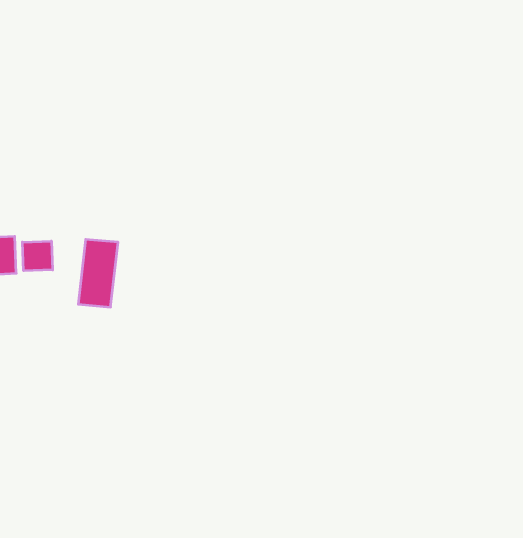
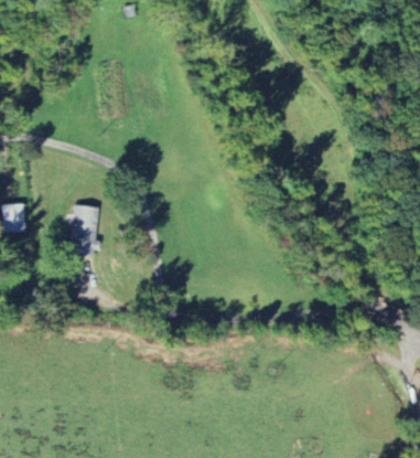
building: [22,241,53,271] -> none

